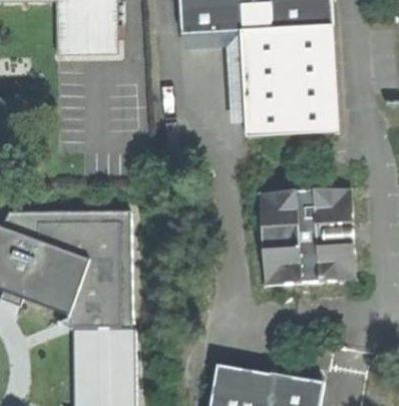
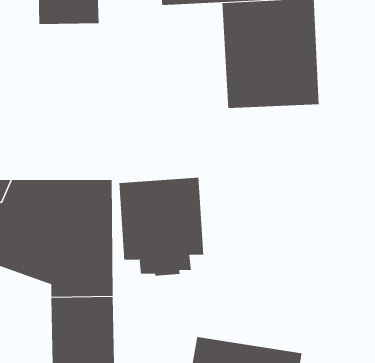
building: [258,185,355,283] -> none
building: none -> [119,177,204,277]

